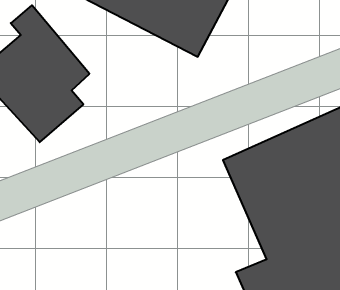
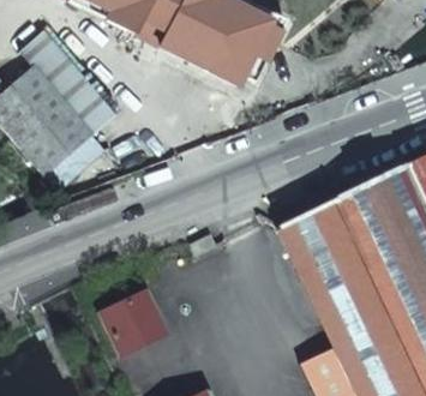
building: none -> [102,292,160,354]

